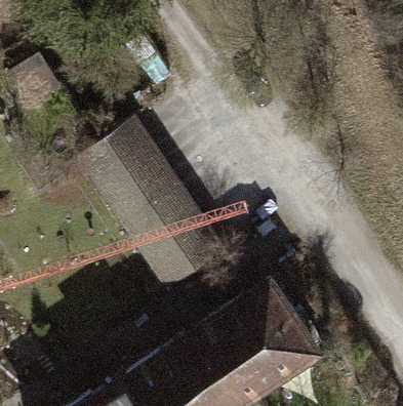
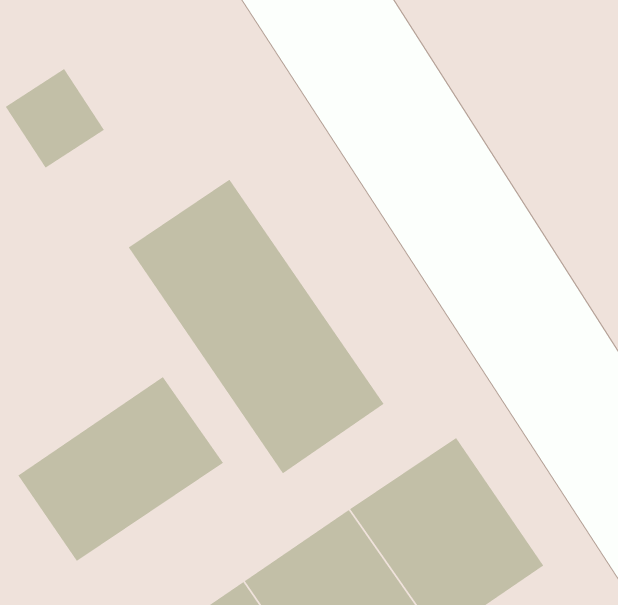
building: none -> [18,376,224,562]

